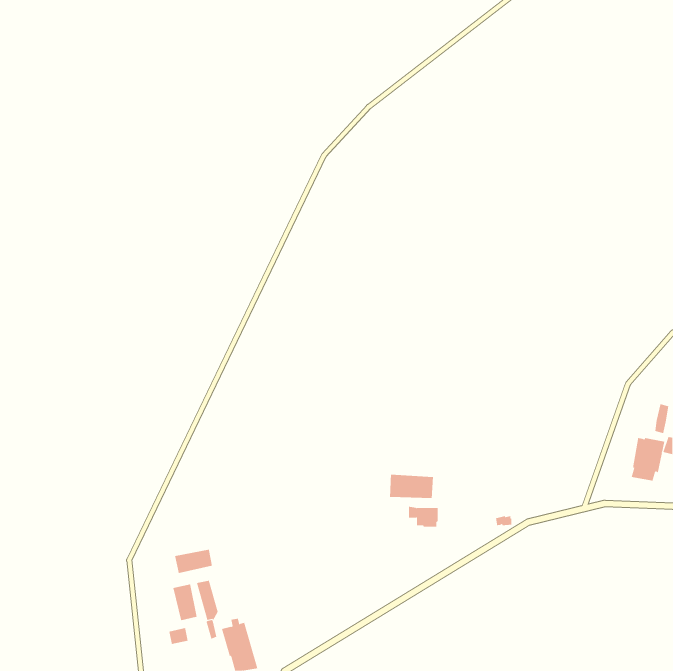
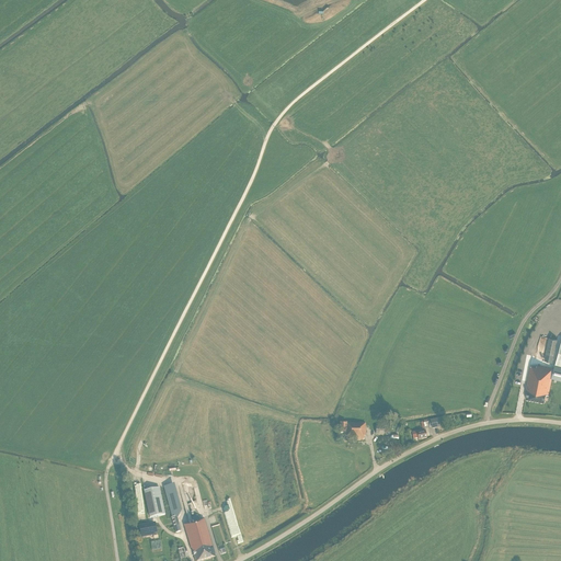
building: [389,474,433,499] -> none
building: [175,549,213,574] -> none

